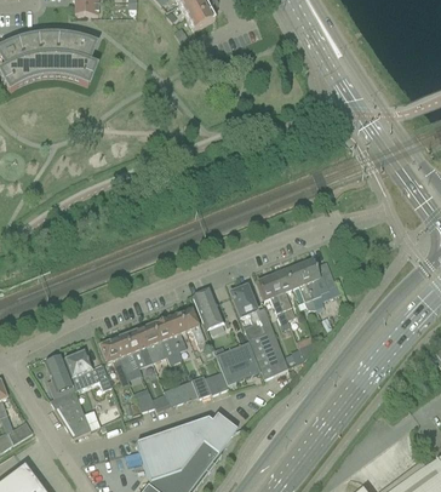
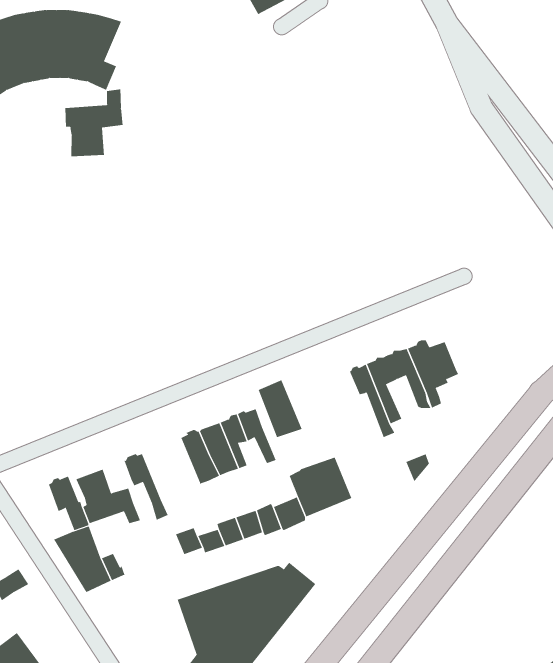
building: none -> [65,88,123,157]
building: [230,286,288,378] -> none
building: [113,328,153,372] -> none

